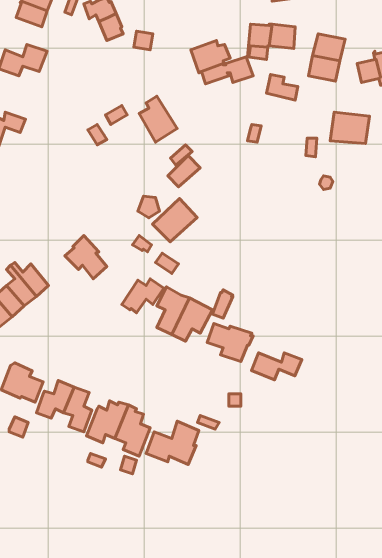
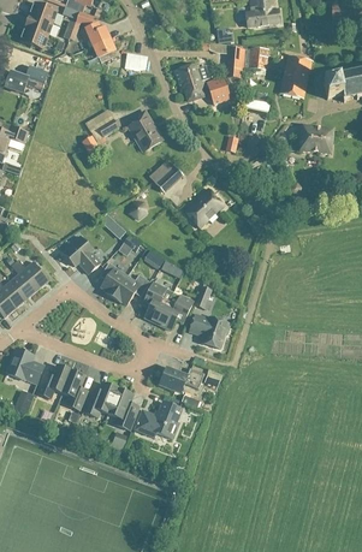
building: [153,198,197,242] -> [184,188,224,226]
building: none -> [100,261,127,296]
building: [252,353,302,380] -> [160,367,204,391]

